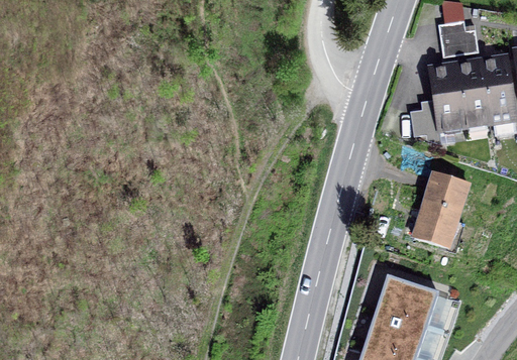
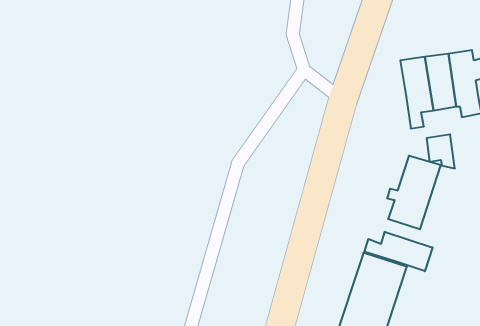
building: [436,19,477,54] -> none
building: [409,105,439,141] -> [427,134,455,168]
building: none -> [365,232,433,271]

